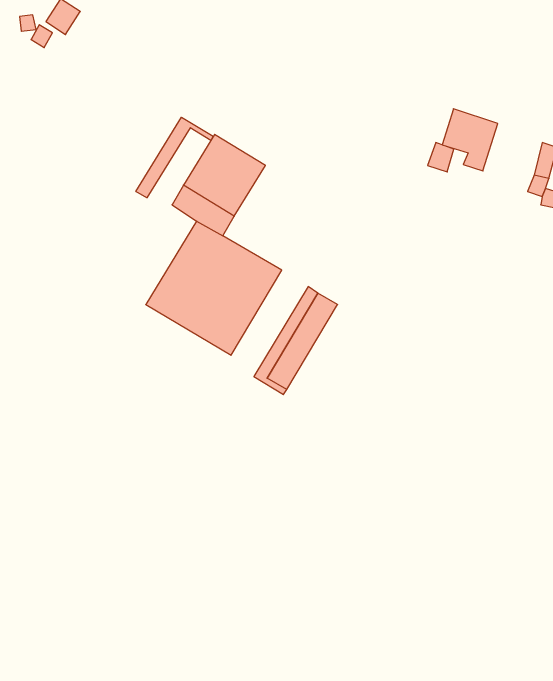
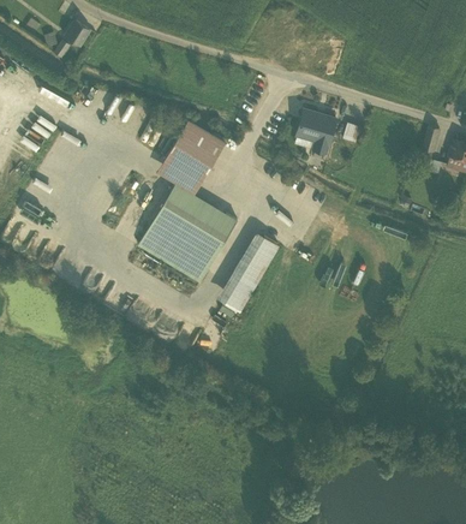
building: [442,109,498,171] -> [297,111,337,156]
building: [136,117,213,198] -> none

